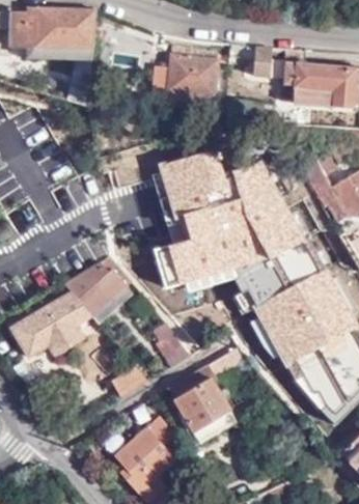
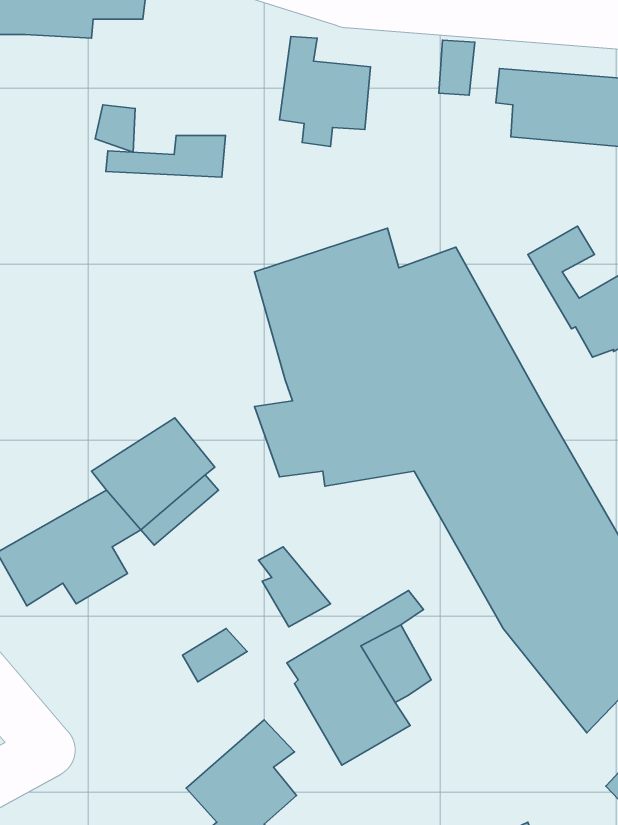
building: [25,35,90,58] -> [106,136,226,177]

